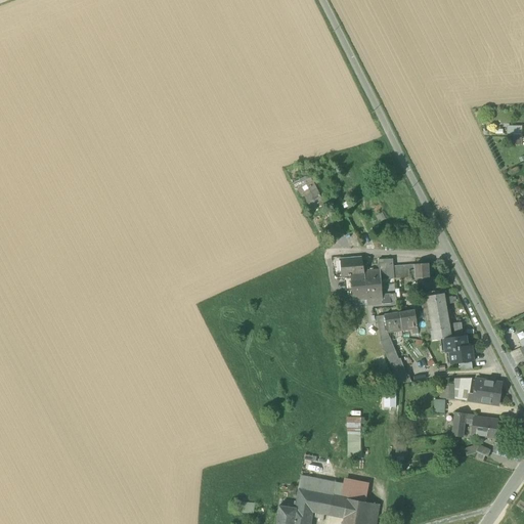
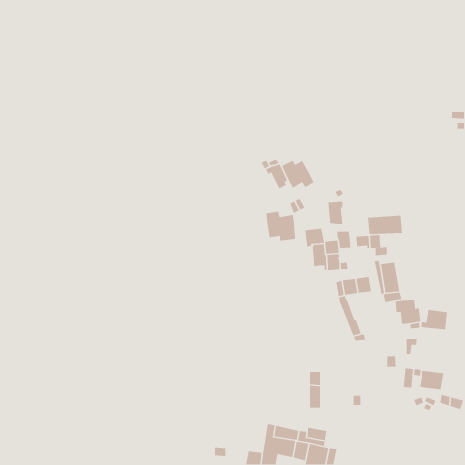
building: none -> [281,159,315,189]
building: none -> [328,201,343,225]
building: none -> [265,211,296,241]
building: none -> [367,215,403,235]
building: [470,380,500,403] -> [420,309,448,330]

